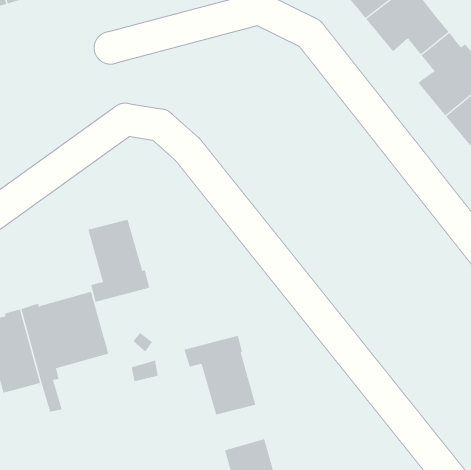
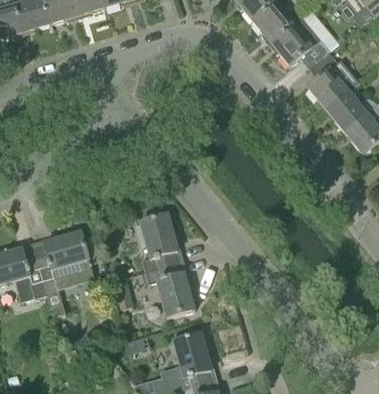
building: [87,219,150,302] -> [139,214,182,271]

